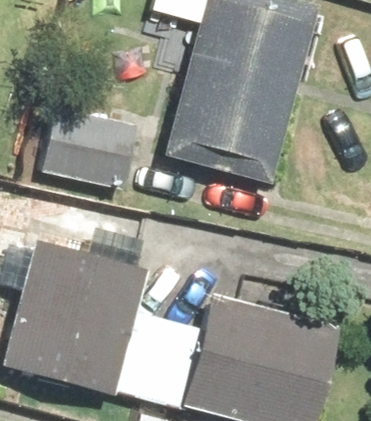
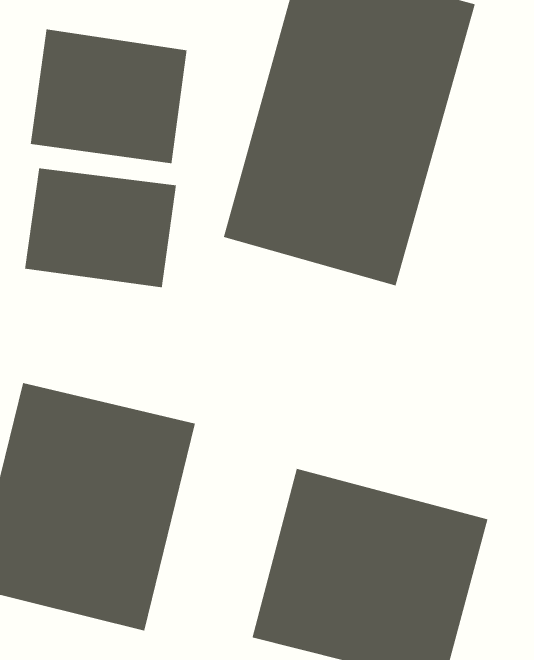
building: none -> [30,29,188,164]

